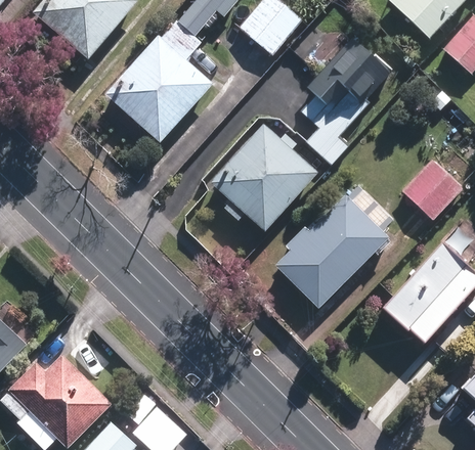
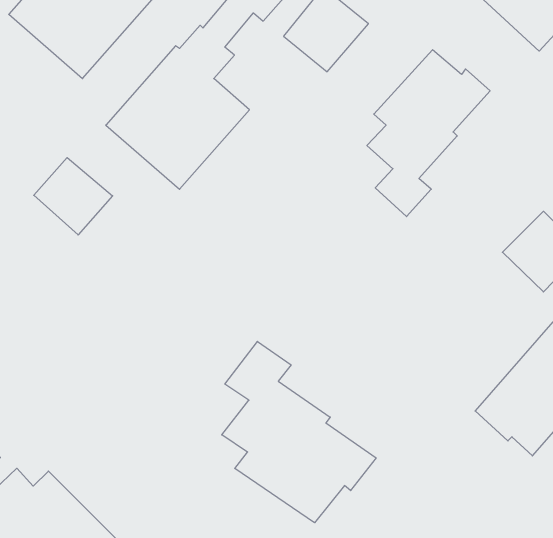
building: none -> [34,158,113,235]
building: [211,124,317,230] -> none
building: [274,183,395,309] -> none
building: none -> [222,341,376,523]

